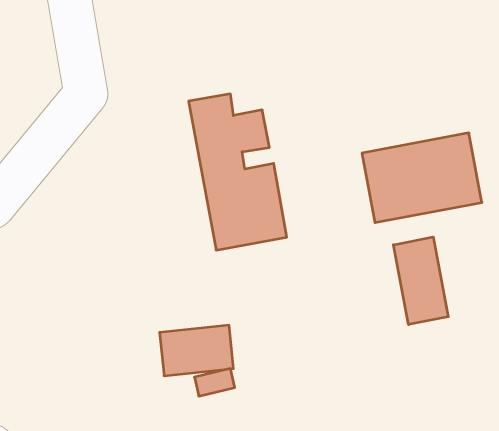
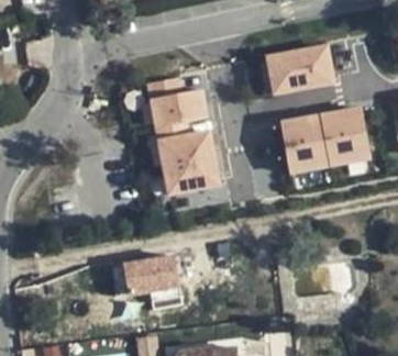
building: none -> [266,44,333,93]
building: [393,237,448,325] -> none

